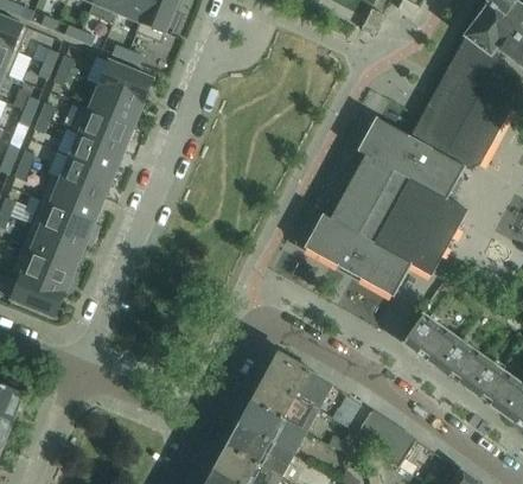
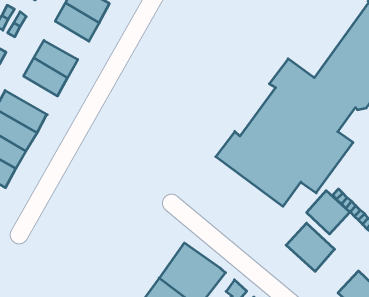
building: [68,102,133,149] -> none
building: [39,173,103,221] -> none
building: [441,339,493,391] -> [307,191,350,234]

